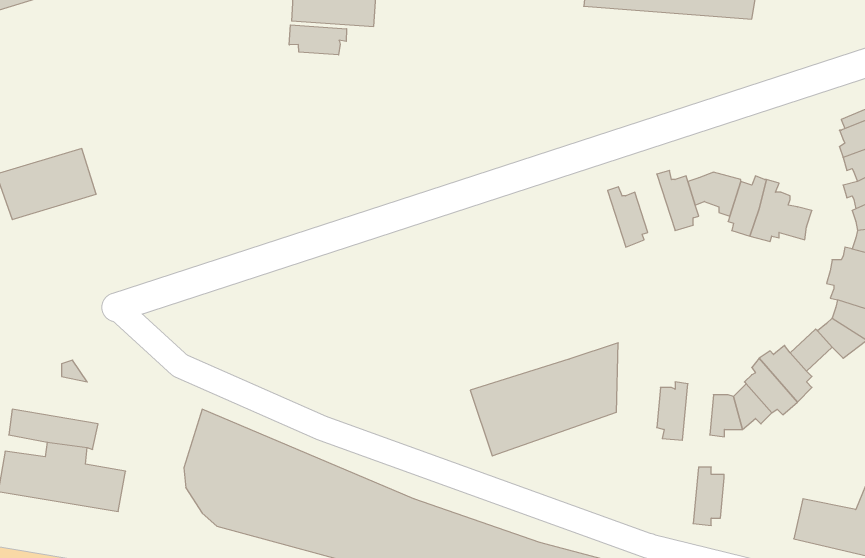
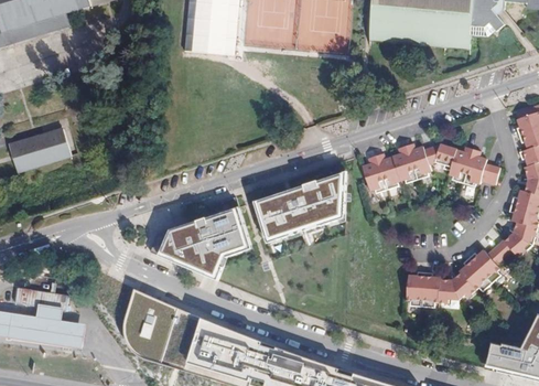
building: [289,25,347,55] -> none
building: none -> [394,144,418,182]
building: none -> [363,154,388,192]
building: none -> [163,207,252,275]
building: [470,343,618,456] -> [258,172,347,240]
building: [693,467,724,525] -> [422,271,441,307]

